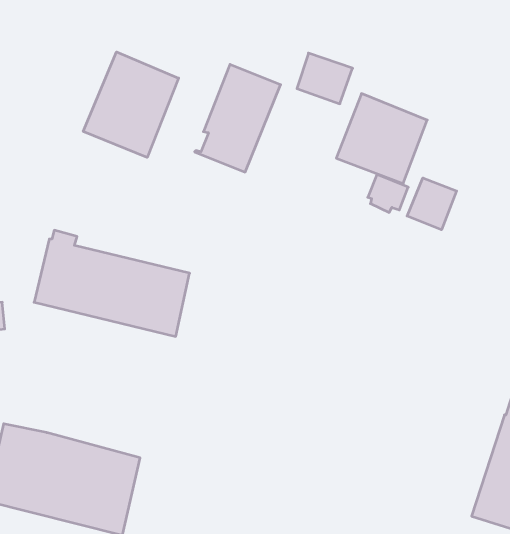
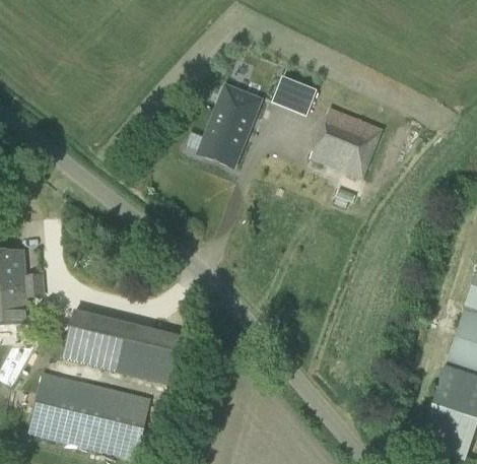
building: [83,52,179,157] -> none
building: [407,178,457,230] -> none
building: [34,230,190,336] -> [61,302,186,387]

